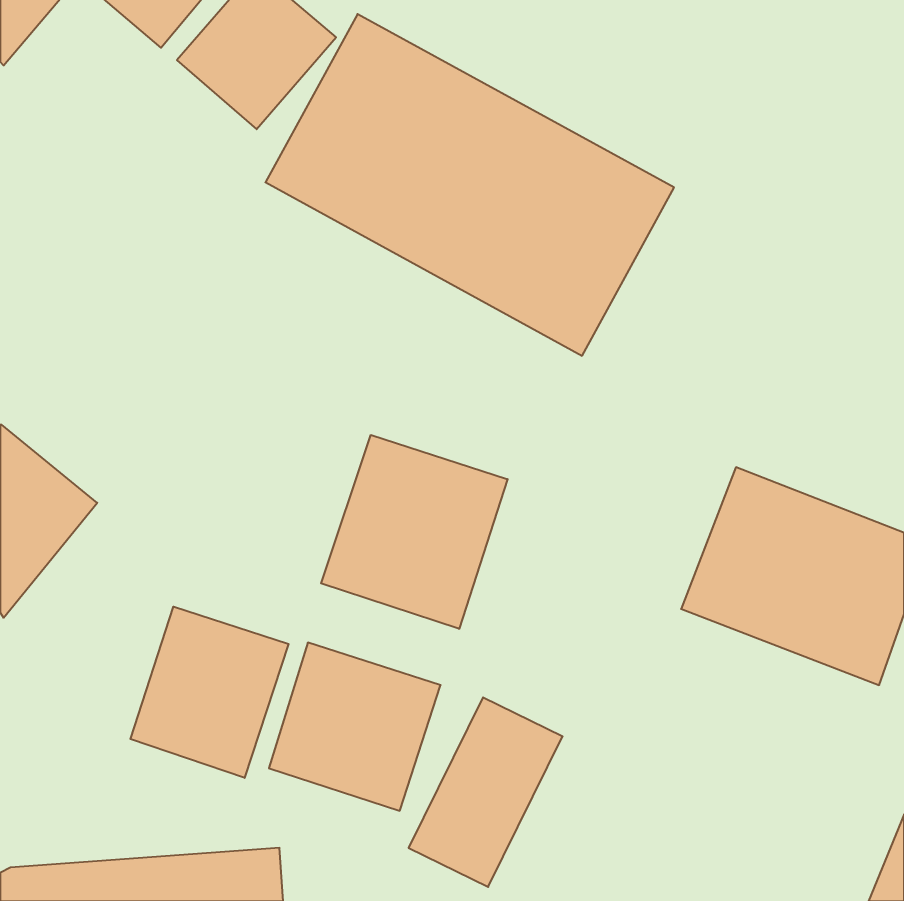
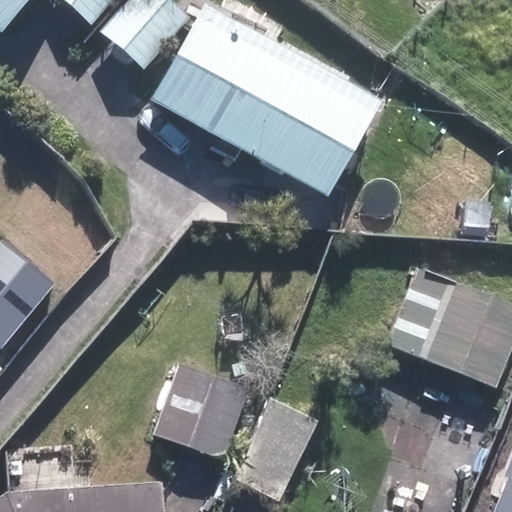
building: [321,435,508,629] -> none
building: [130,607,289,778] -> none

